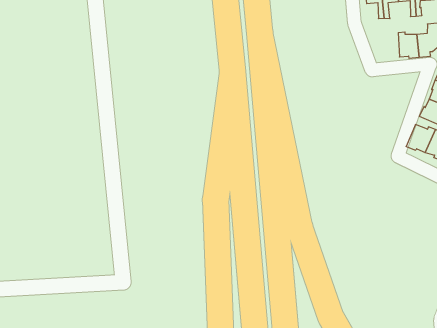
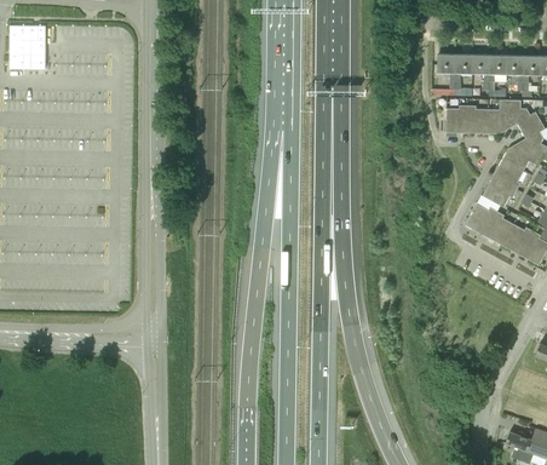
building: none -> [445,104,468,132]

